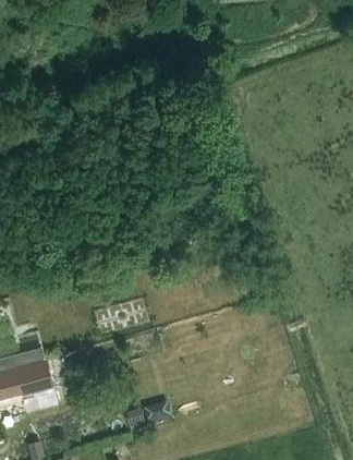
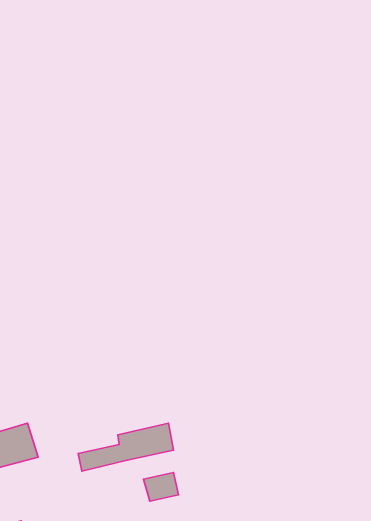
building: none -> [78,423,174,471]

